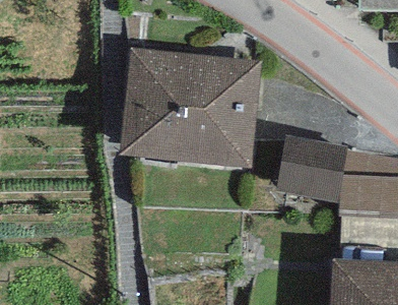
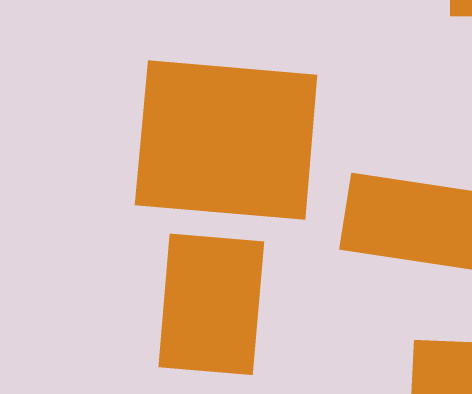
building: none -> [158,233,265,376]

